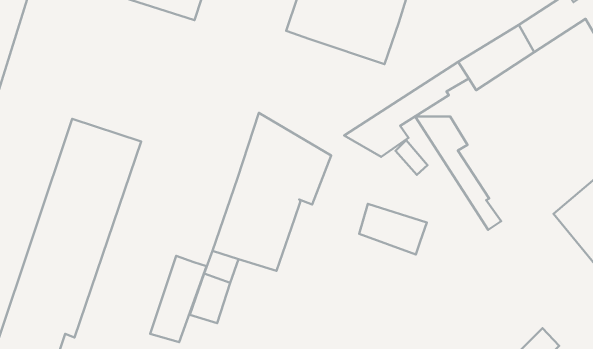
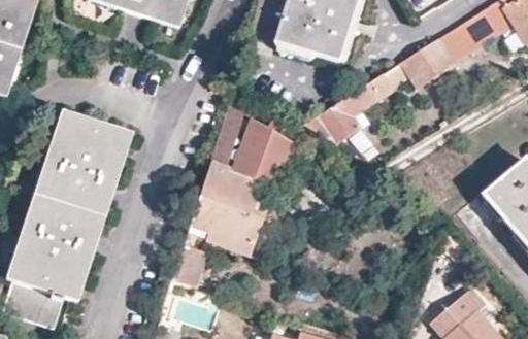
building: [415,116,501,230] -> none
building: [359,204,427,255] -> none
building: [150,256,207,342] -> none

